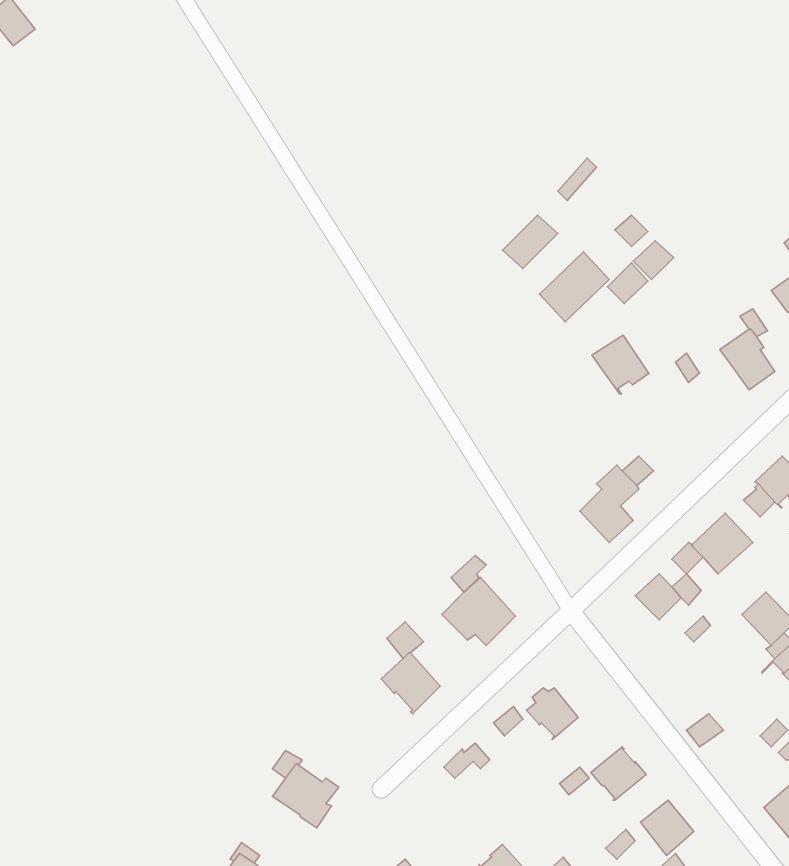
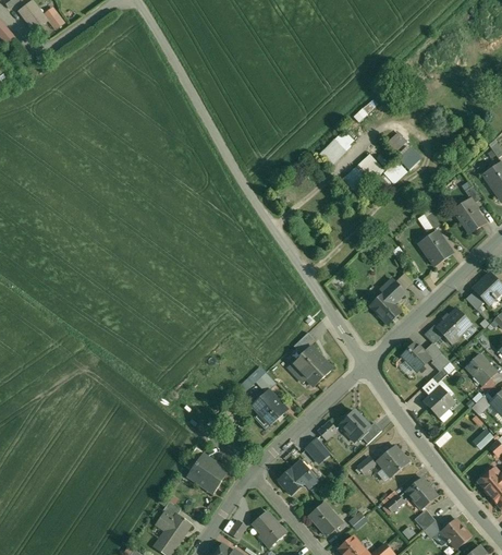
building: [592,335,649,394] -> [418,230,452,265]
building: none -> [423,385,455,417]
building: none -> [278,464,317,494]

